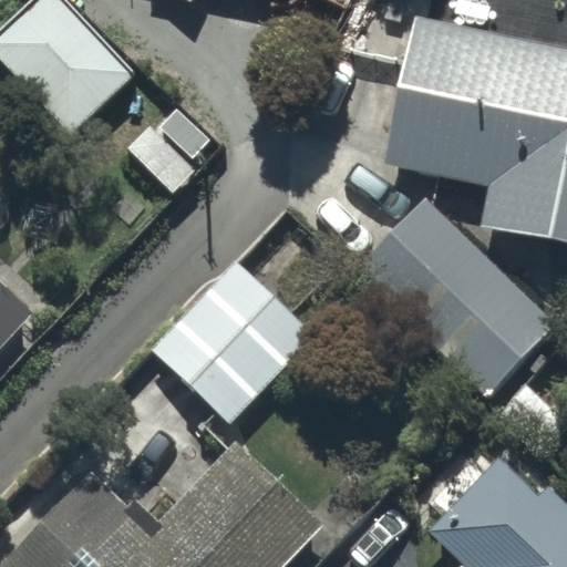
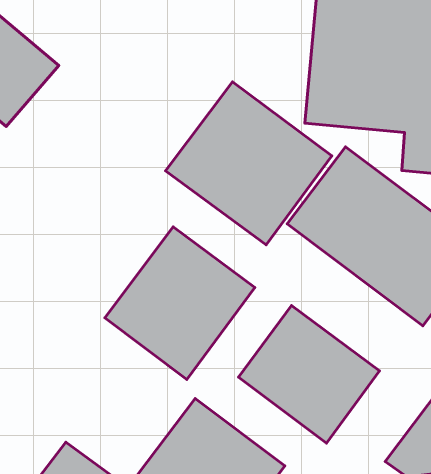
building: none -> [166,82,332,245]
building: none -> [238,306,379,443]

